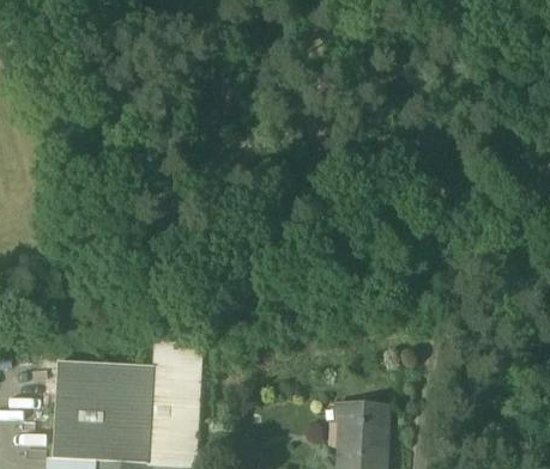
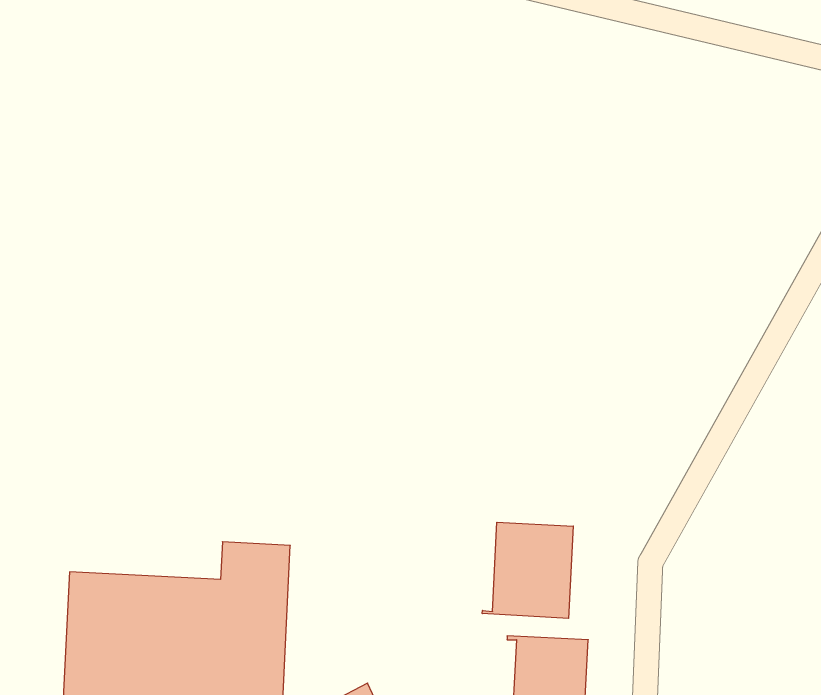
building: none -> [482,522,573,618]

